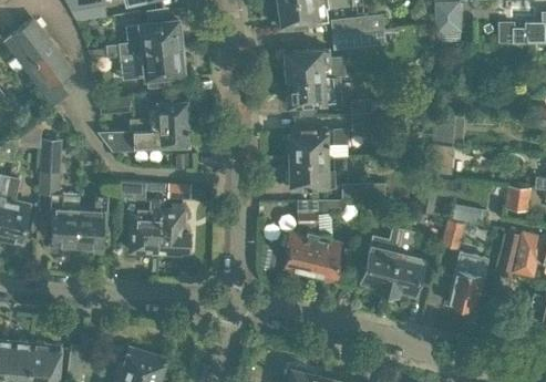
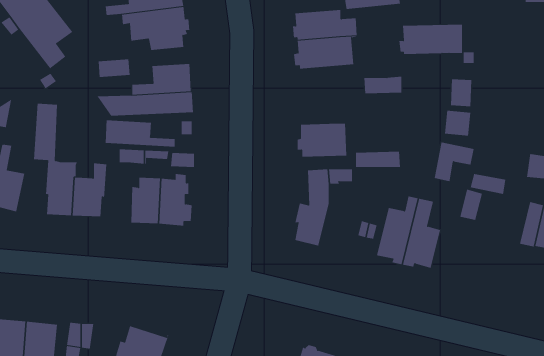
building: [286,130,347,158] -> [399,24,463,55]
building: none -> [105,120,175,147]
building: [308,234,341,280] -> none
building: [449,252,487,310] -> none

